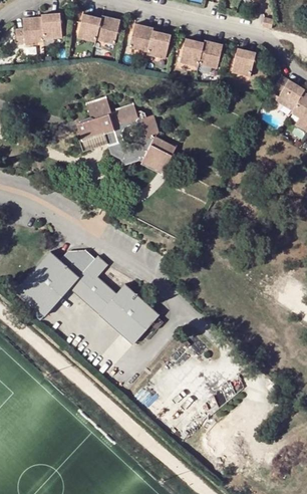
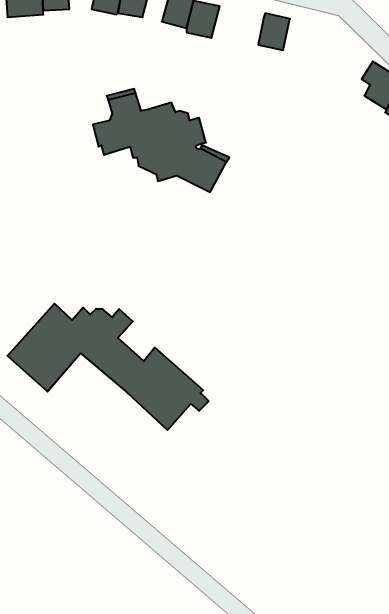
building: [180,38,203,66] -> none
building: [231,48,255,76] -> none

